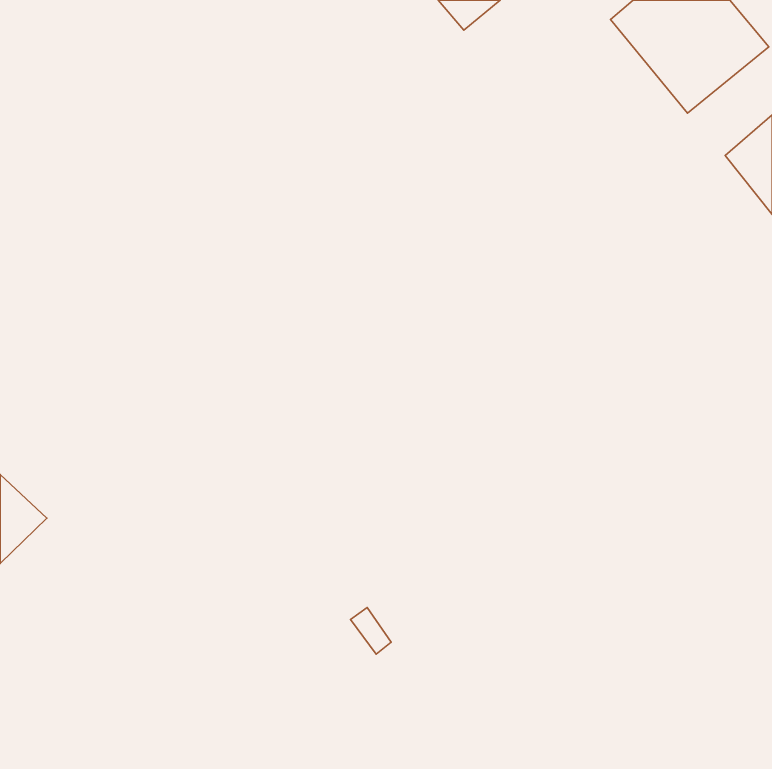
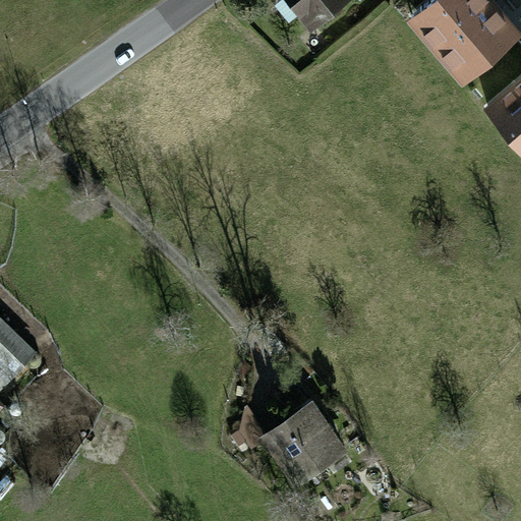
building: none -> [267,407,342,485]

